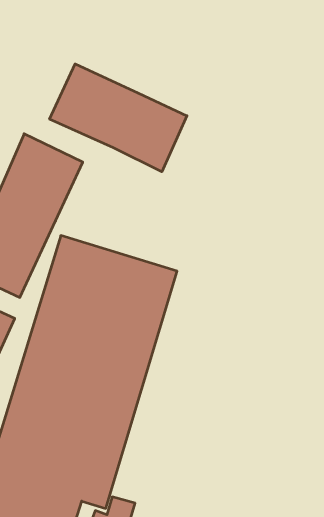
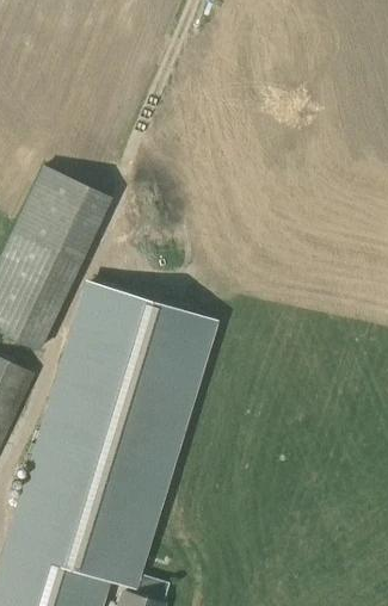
building: [50,64,187,172] -> none

